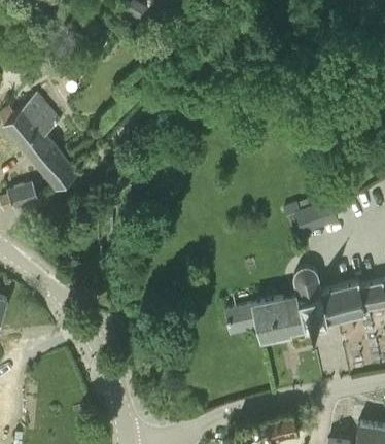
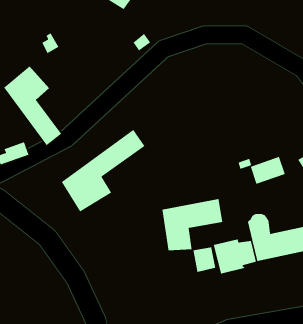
building: none -> [61,129,145,213]
building: none -> [162,198,223,251]

